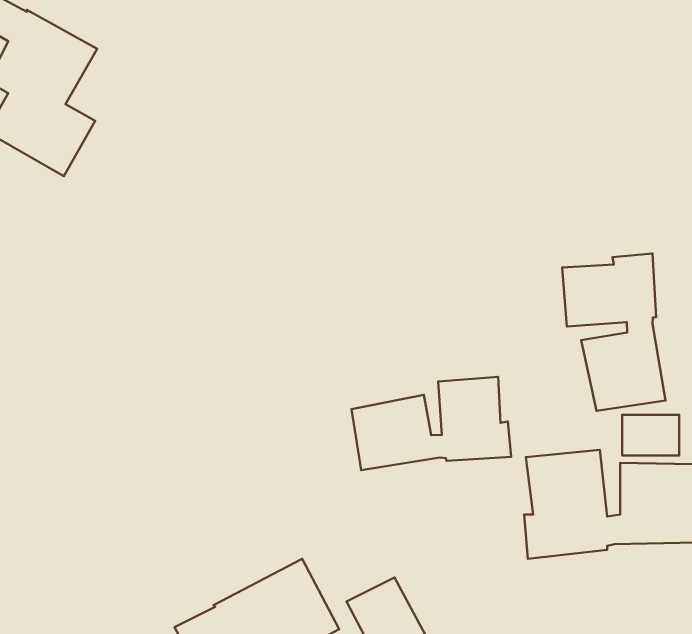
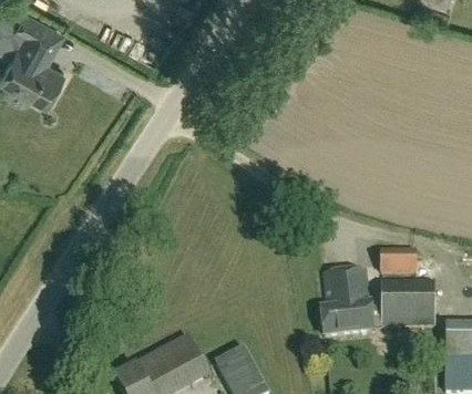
building: [562,253,666,411] -> none
building: [352,377,511,470] -> none

